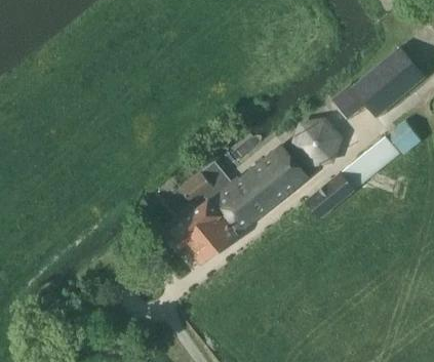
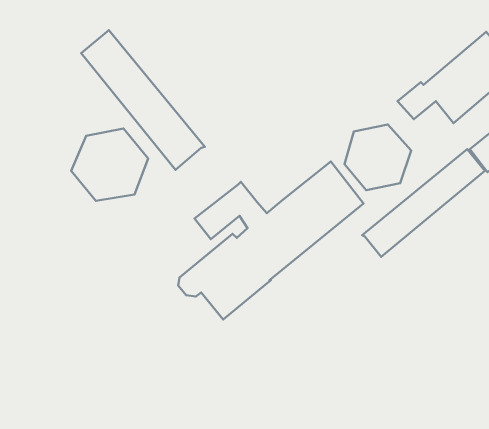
building: none -> [81,30,205,170]
building: none -> [71,129,148,201]

